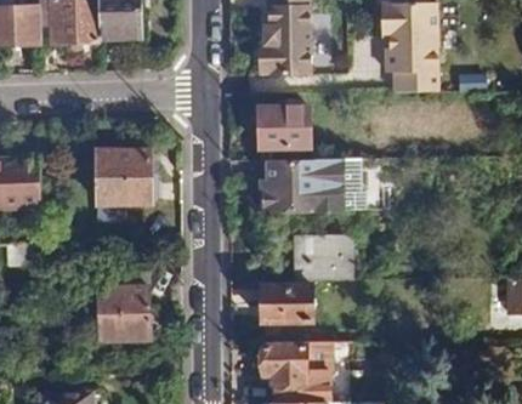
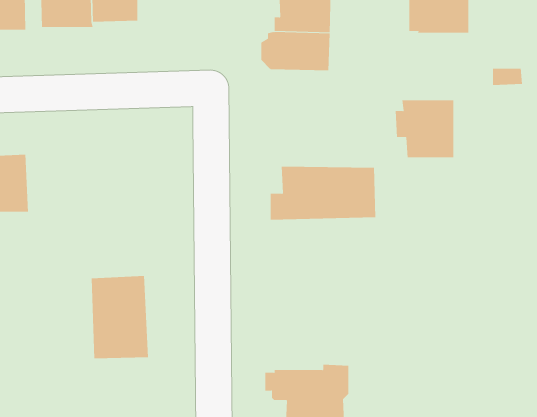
building: [386,44,439,96] -> [395,100,454,158]
building: [259,108,308,149] -> none
building: [97,146,151,199] -> none
building: [300,238,351,281] -> none
building: [263,288,311,325] -> none

